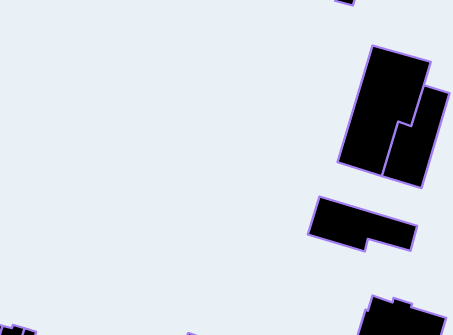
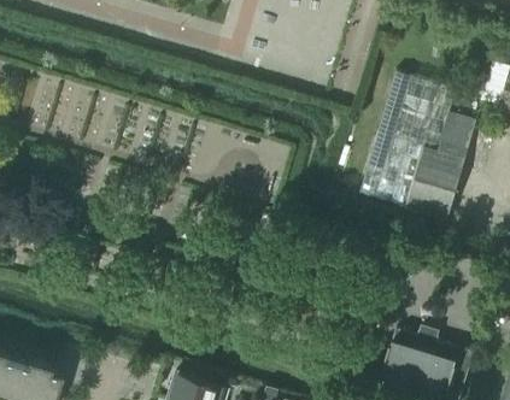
building: [308,197,417,252] -> none

